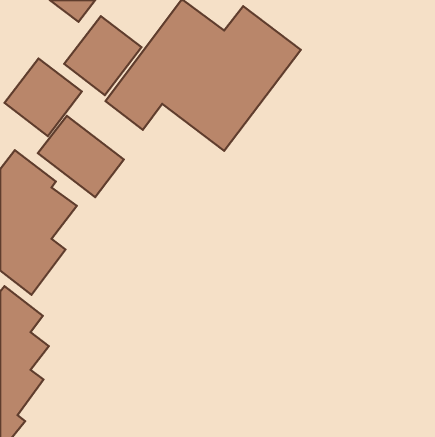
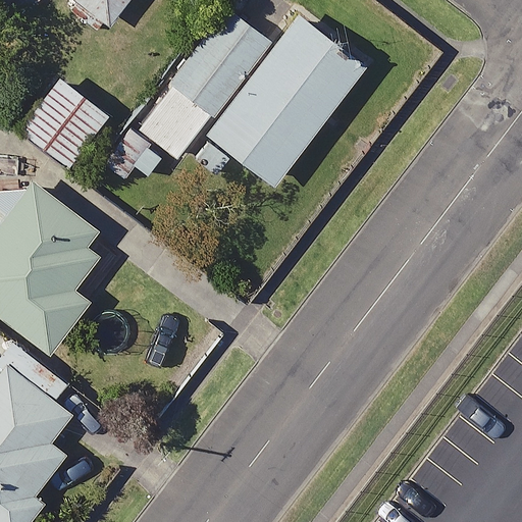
building: [64,16,142,95] -> none
building: [38,116,124,197] -> none

